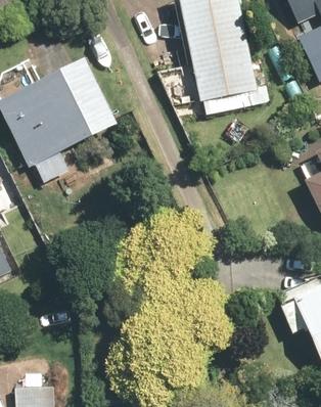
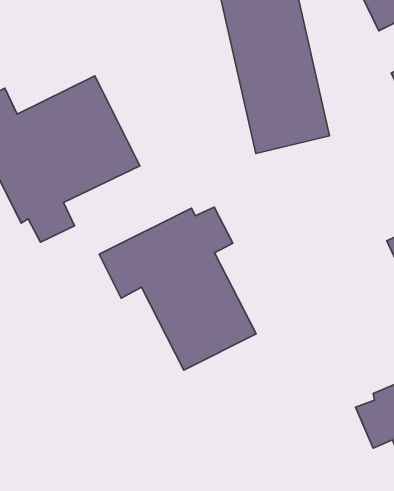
building: none -> [99,207,256,370]

